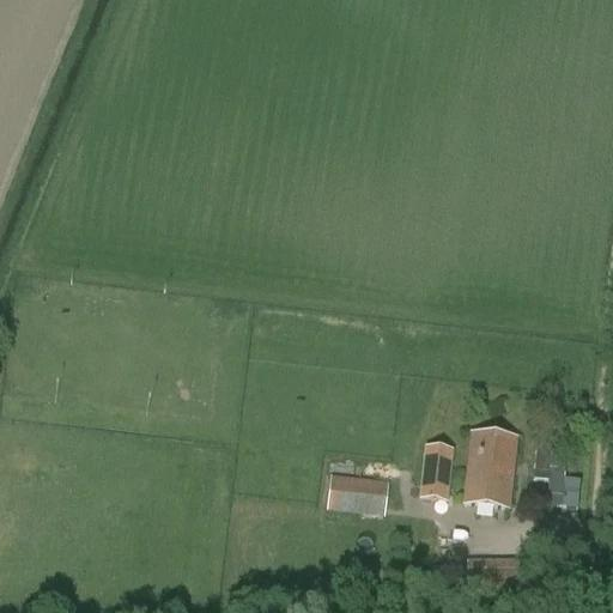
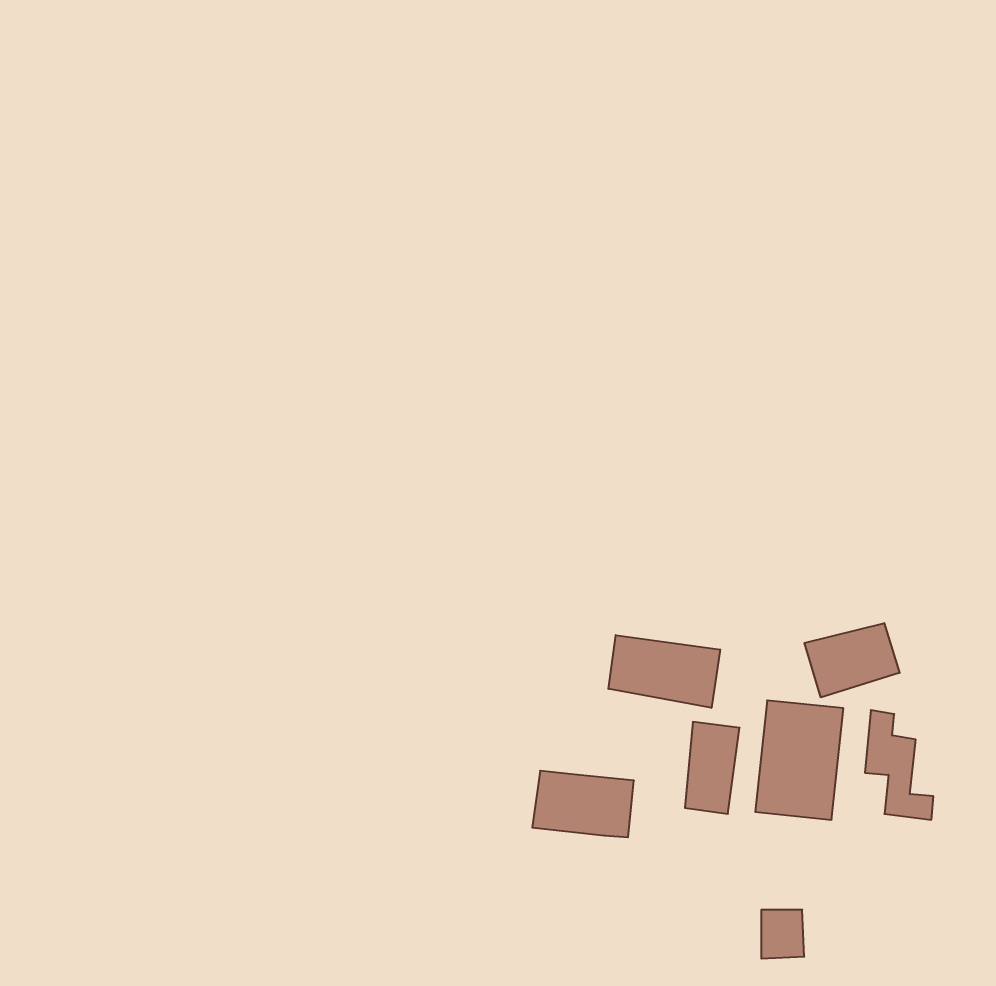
building: none -> [804,623,900,697]
building: none -> [608,635,720,708]

